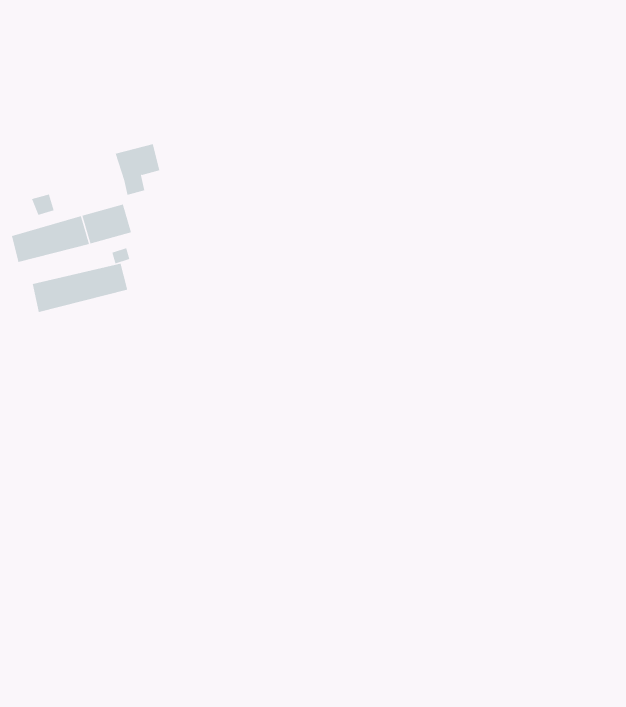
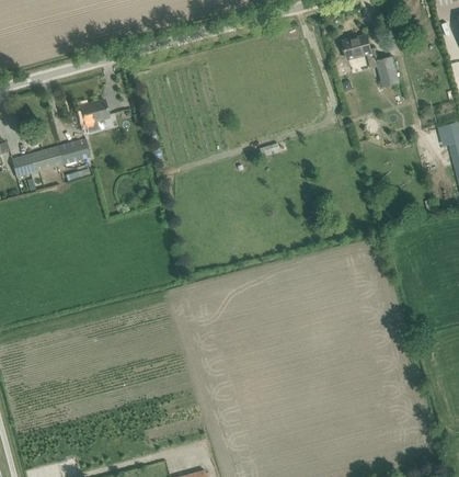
building: none -> [343,34,399,86]
building: [32,263,128,313] -> none

